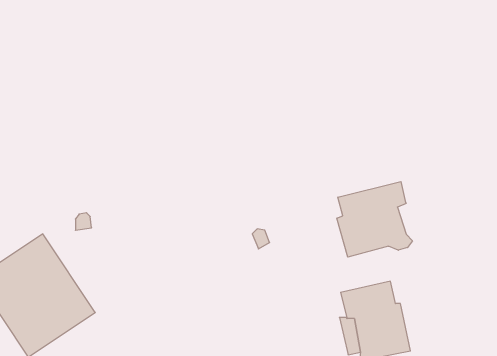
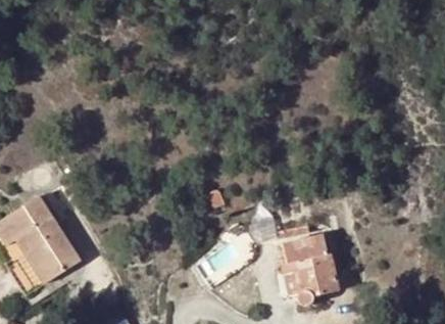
building: [337,182,412,257] -> none

